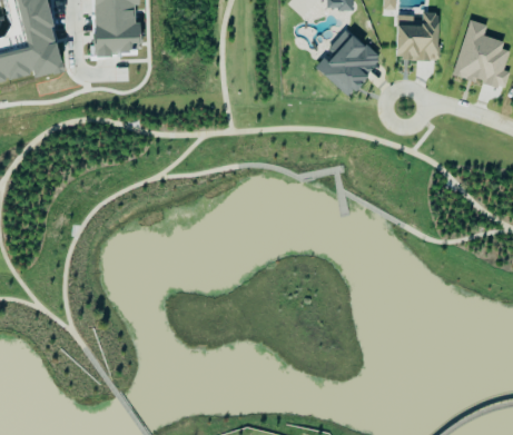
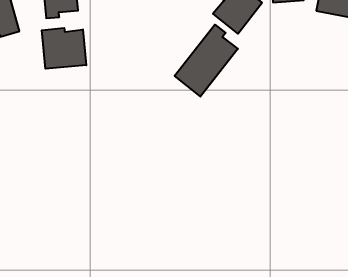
building: none -> [42,28,86,69]
building: none -> [175,25,238,97]

